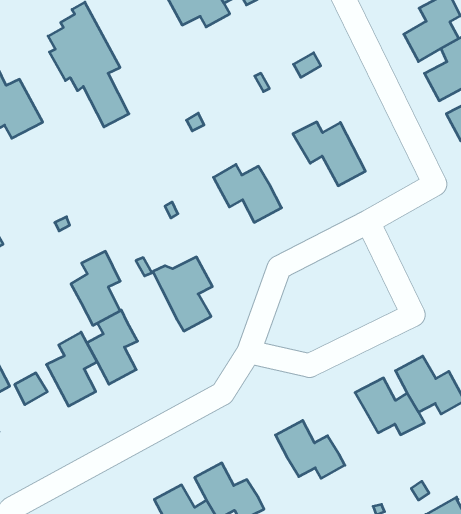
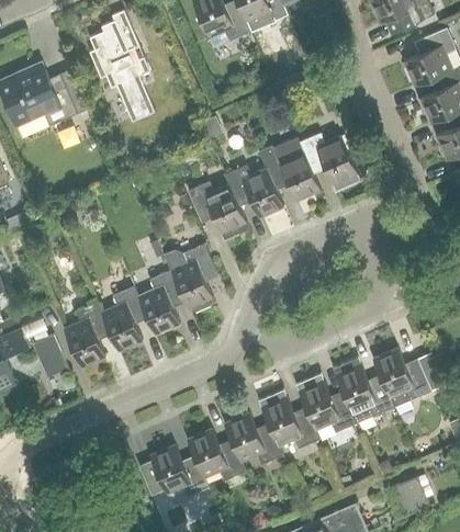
building: none -> [259,142,321,201]
building: none -> [188,181,247,234]
building: [71,251,120,325] -> [138,270,182,335]
building: none -> [299,380,357,432]
building: none -> [224,412,283,464]

